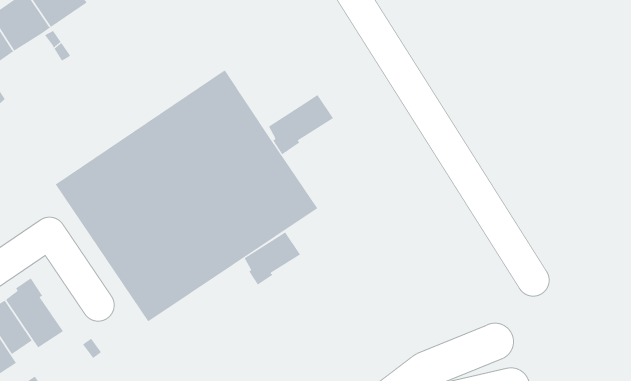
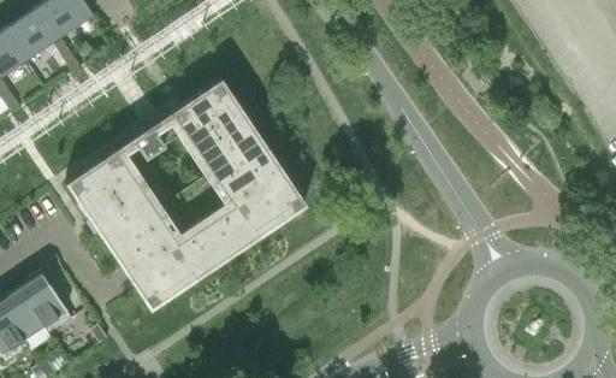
building: [268,94,334,155] -> none
building: [244,231,301,286] -> none

